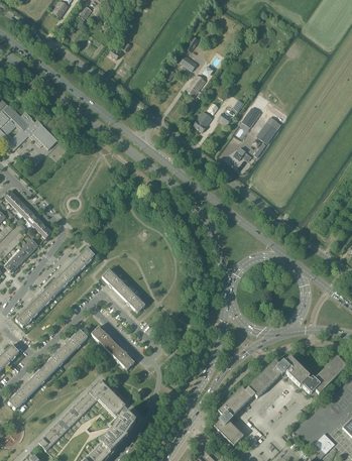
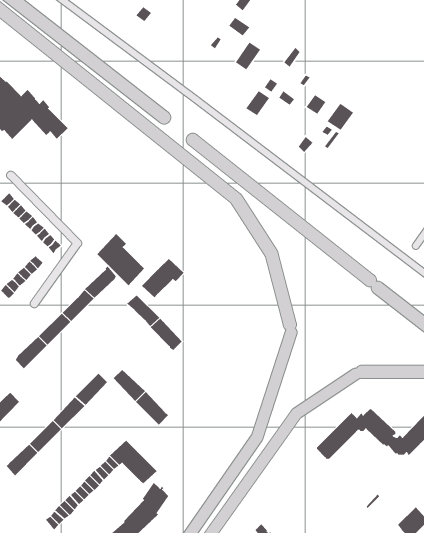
building: none -> [96,233,145,286]
building: none -> [141,258,185,298]
building: [213,386,254,445] -> none

